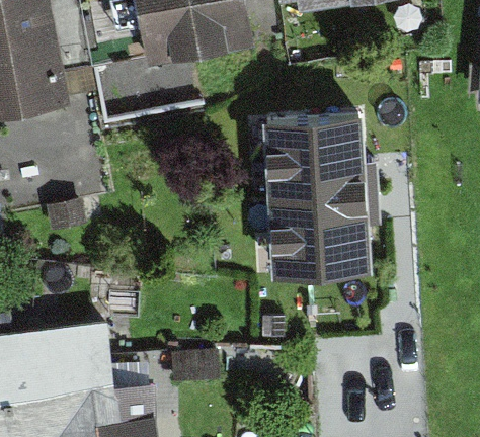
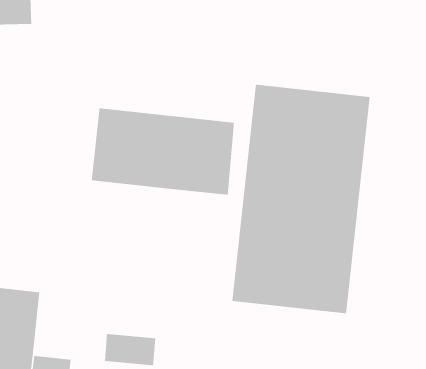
building: none -> [91,108,235,196]

